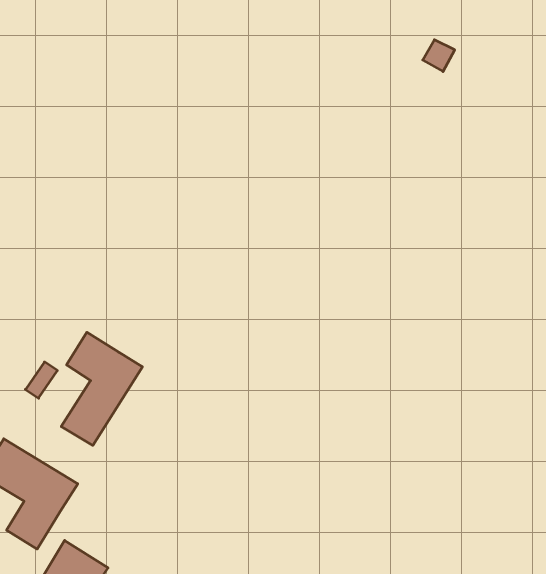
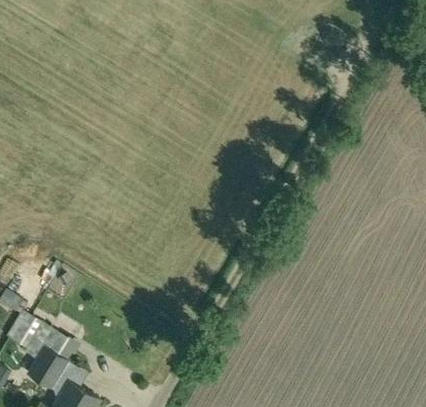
building: [61,332,142,445] -> none

